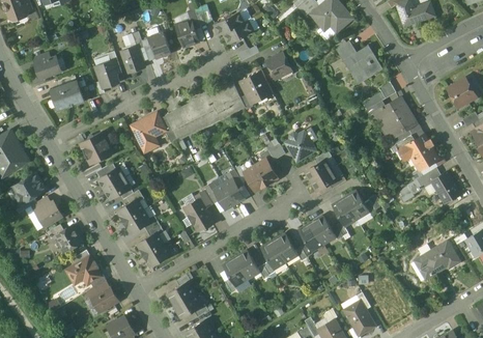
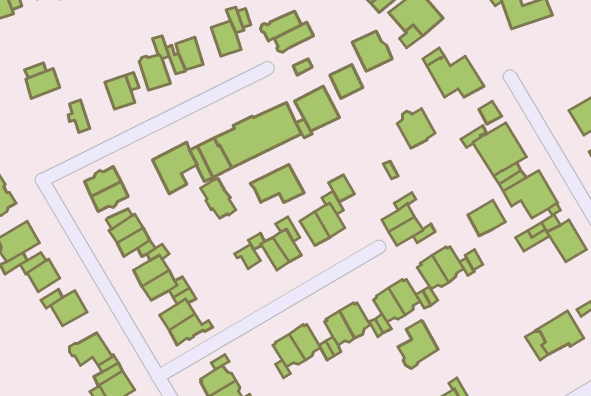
building: none -> [352,31,392,71]
building: [50,83,76,111] -> none
building: none -> [250,164,304,203]
building: [286,131,315,161] -> [397,109,435,148]
building: none -> [468,200,505,236]
building: [186,199,212,229] -> [200,179,236,218]
building: none -> [398,320,438,369]

